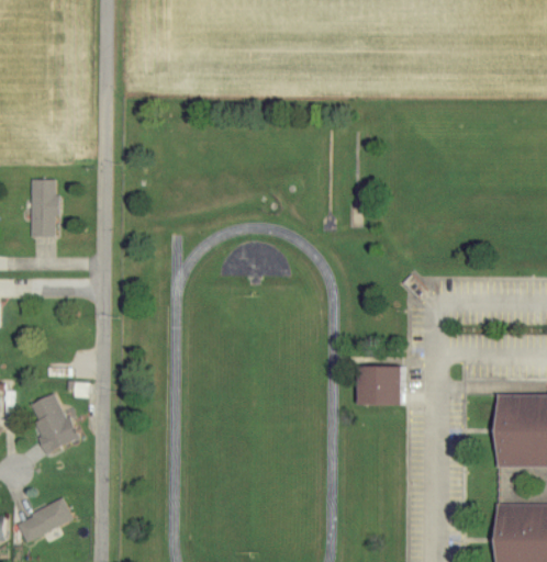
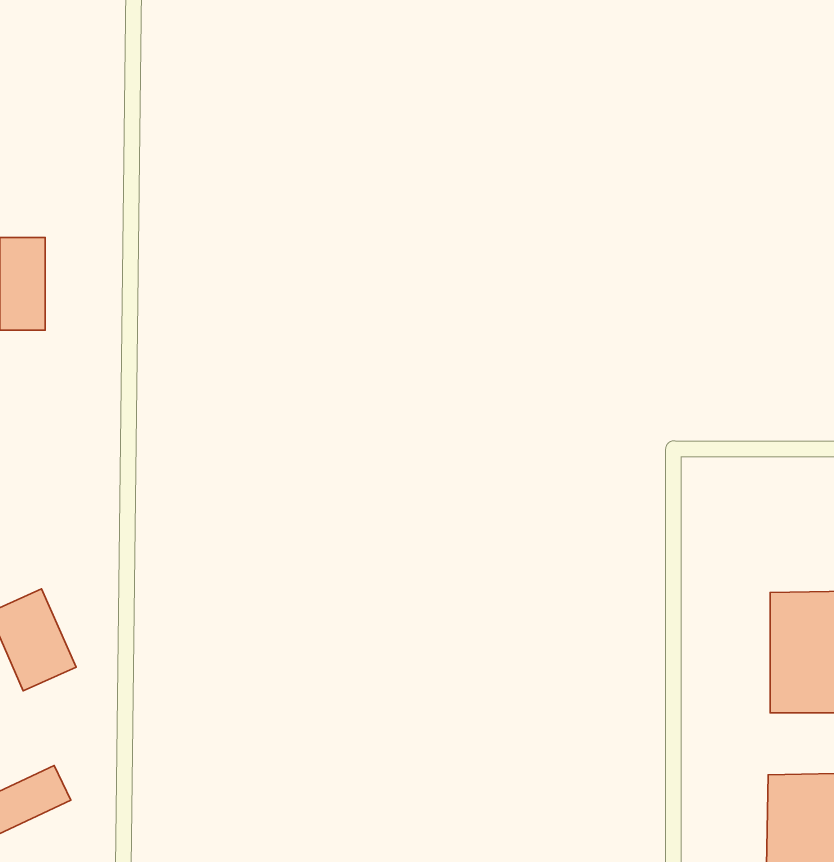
building: [357,366,400,405] -> none

